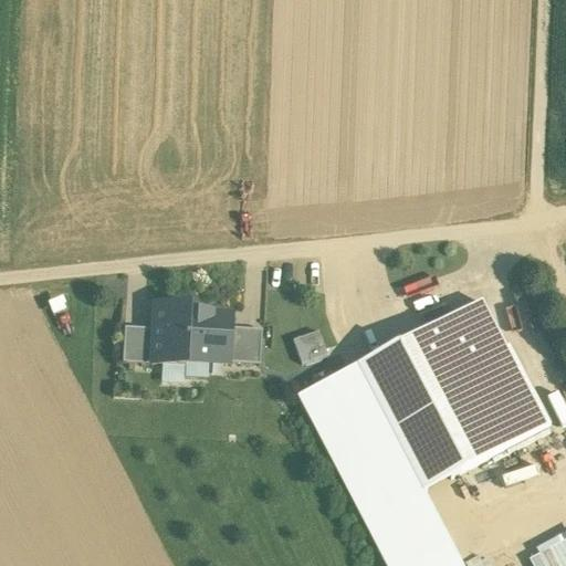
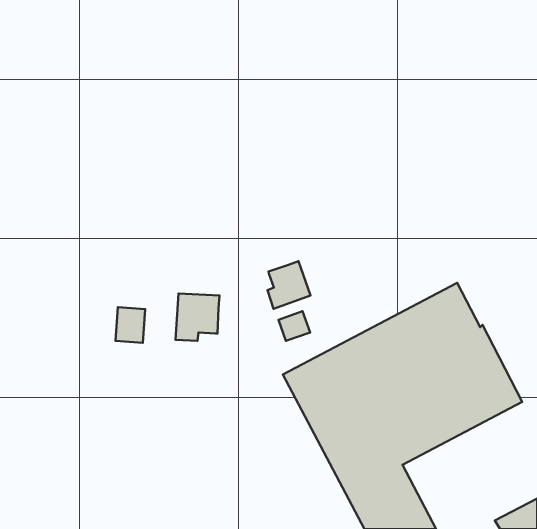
building: none -> [267,261,310,309]
building: [150,301,188,363] -> none
building: [227,324,261,360] -> none

